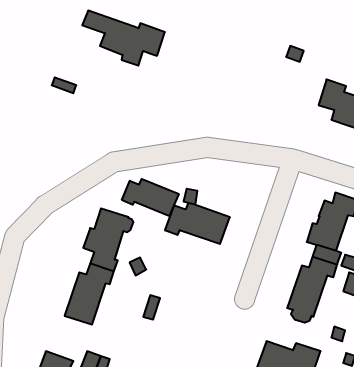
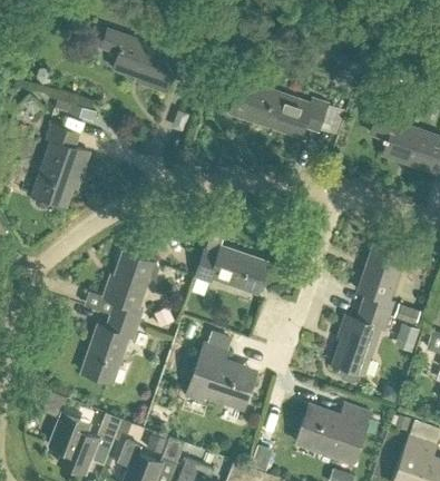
building: none -> [229,72,326,136]
building: none -> [33,126,88,208]
building: [122,179,179,216] -> none
building: none -> [185,343,254,410]

